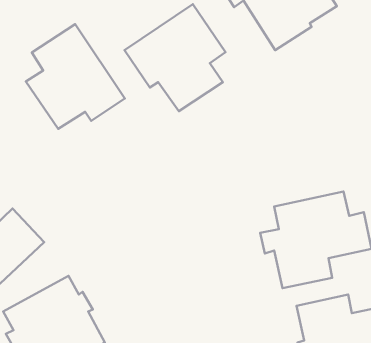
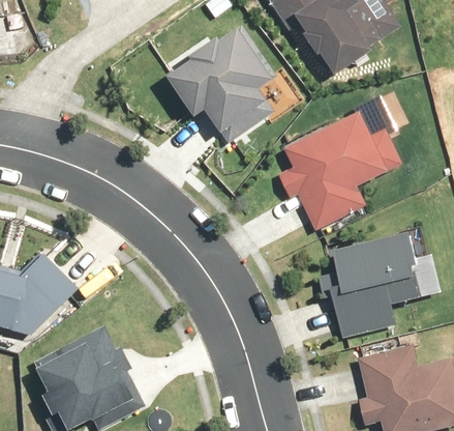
building: [26,24,125,129] -> none
building: none -> [276,112,403,231]

